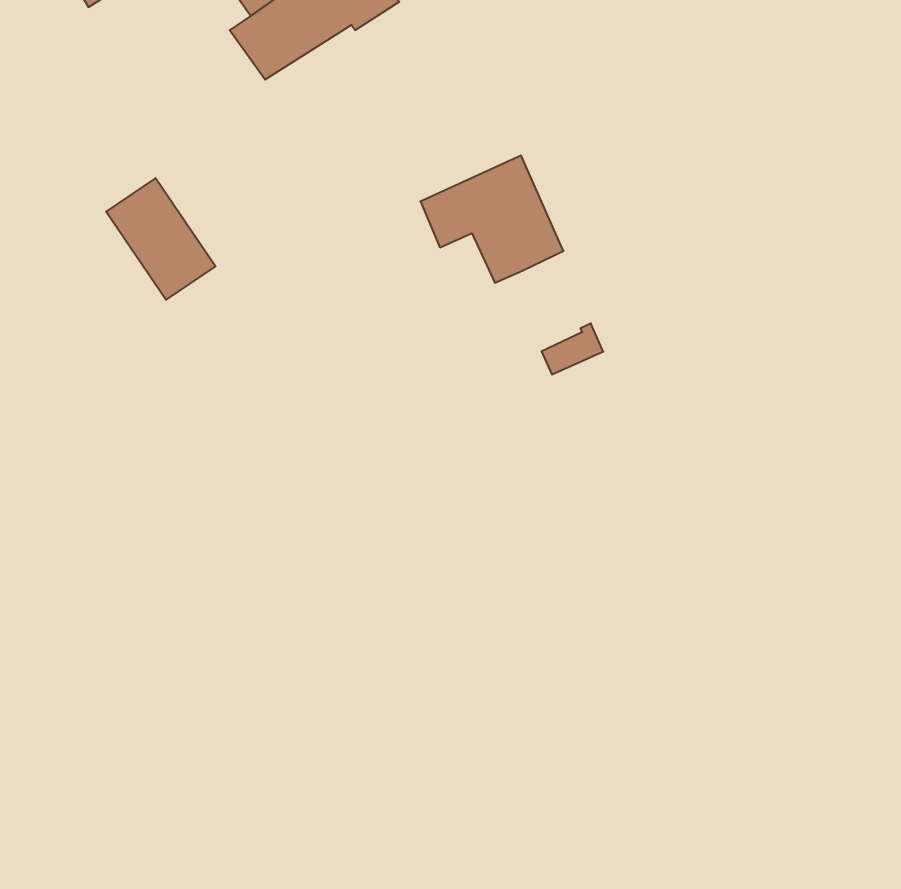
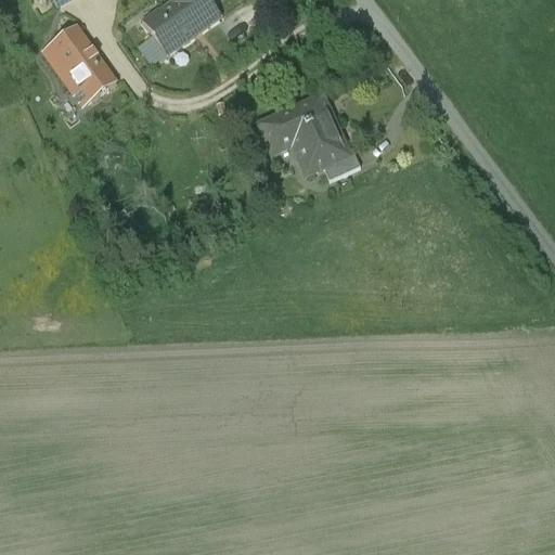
building: [106,178,216,300] -> [42,27,109,102]
building: [541,323,603,375] -> [322,149,360,180]

